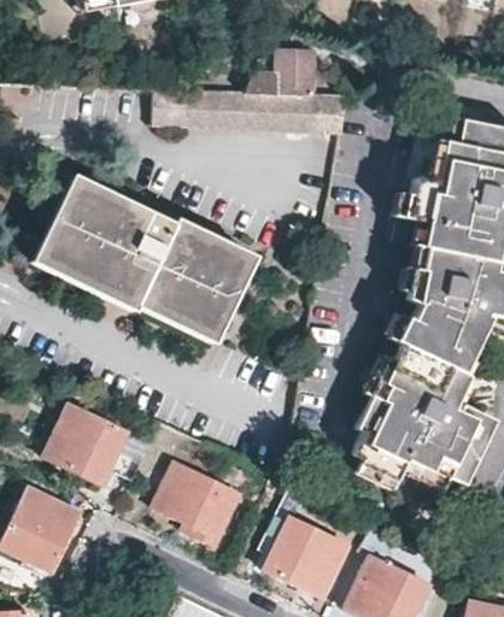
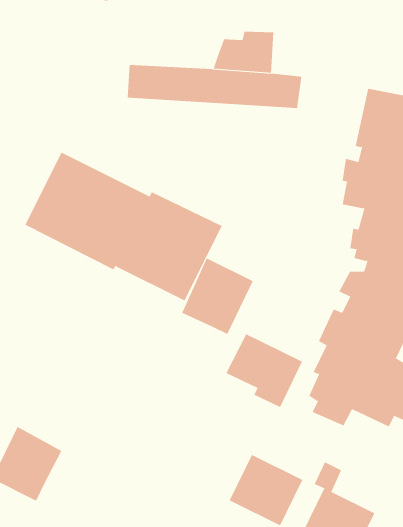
building: none -> [182,258,253,335]
building: [46,405,152,487] -> none
building: [153,462,240,545] -> [226,333,303,408]

